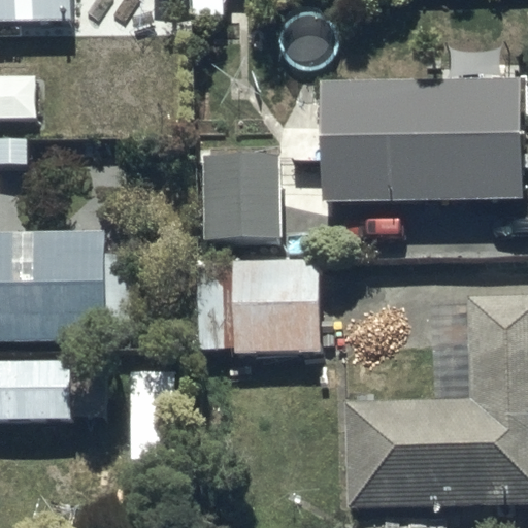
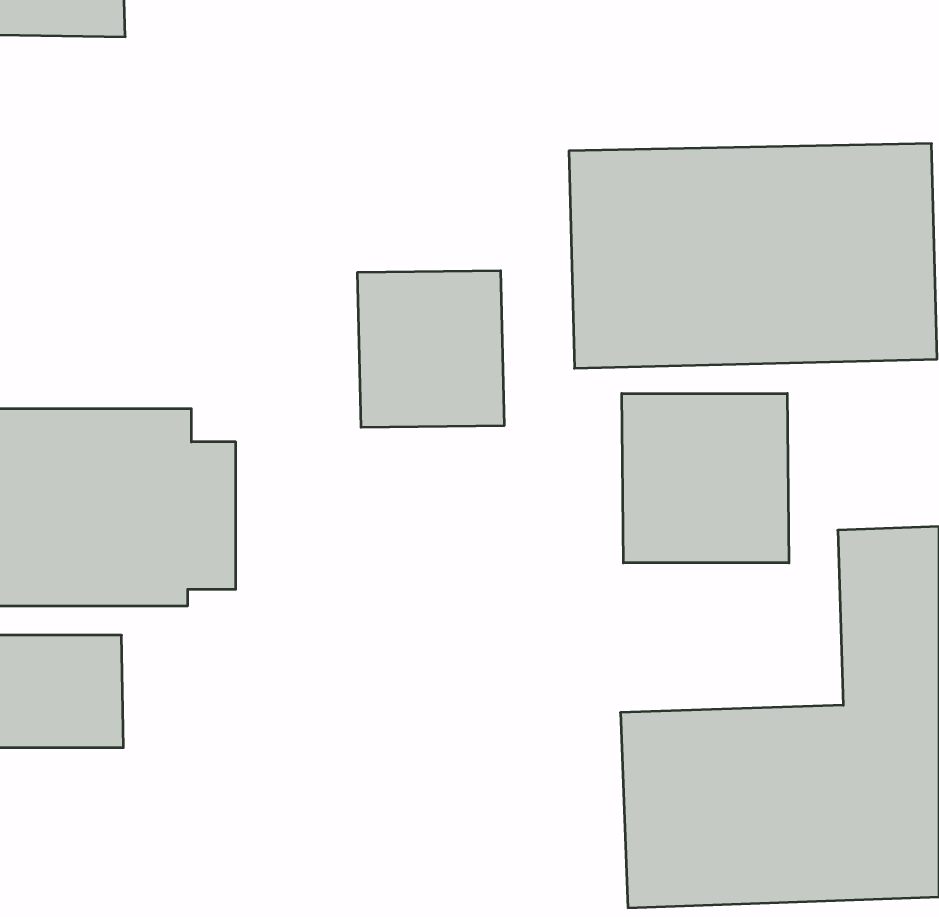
building: none -> [622,393,789,563]
building: [200,257,320,348] -> none

